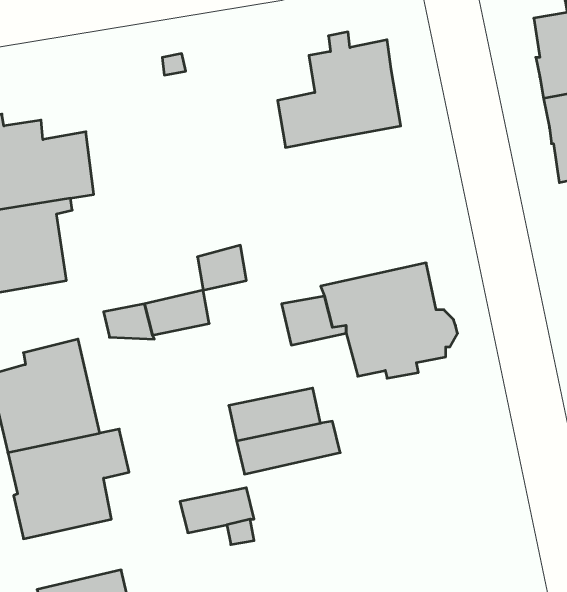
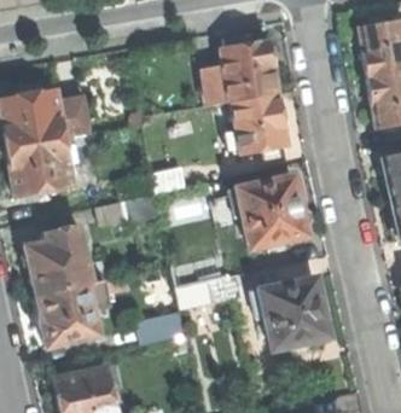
building: none -> [228,92,289,158]
building: none -> [252,277,331,349]

